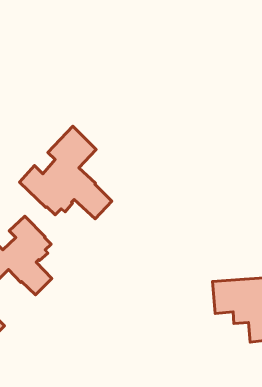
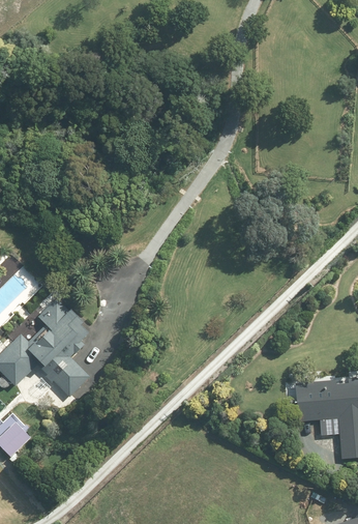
building: [19,126,112,219] -> none

